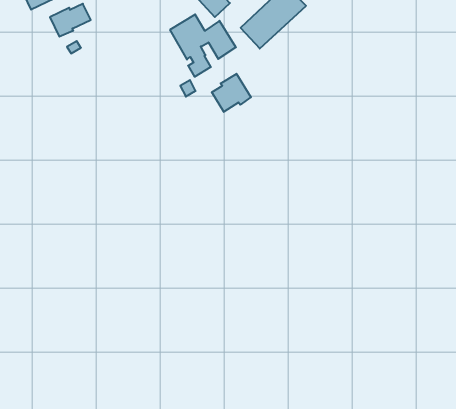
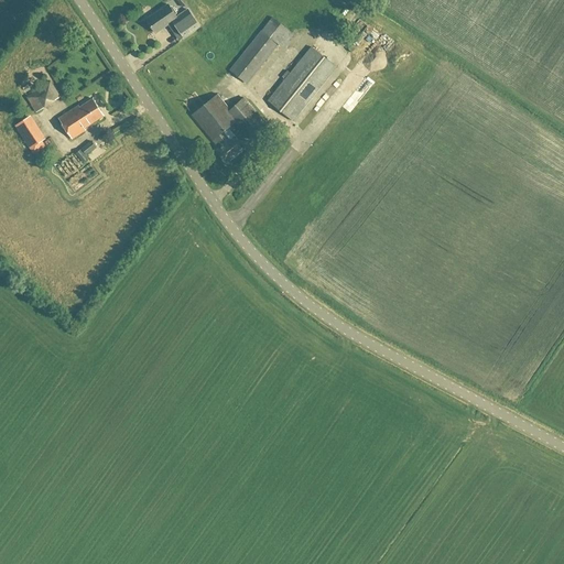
building: none -> [15,110,45,150]
building: [212,74,251,112] -> none

